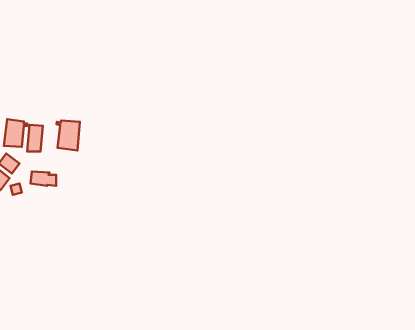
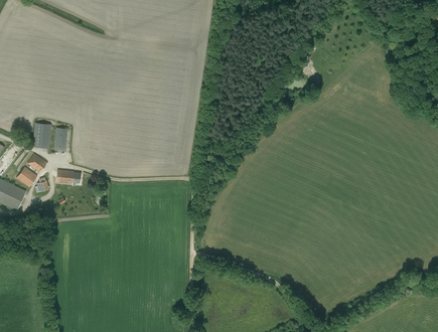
building: [56,120,80,151] -> none

